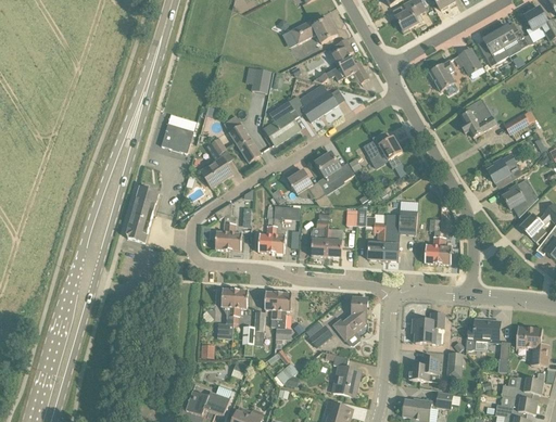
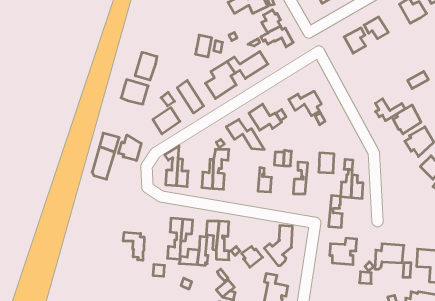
building: [483,31,508,65] -> none
building: none -> [135,52,157,80]
building: [460,110,496,136] -> [375,99,405,121]
building: none -> [118,135,141,161]
building: [311,212,329,255] -> none
building: [382,221,399,259] -> [329,196,342,227]
building: none -> [123,232,144,260]
building: [408,355,440,381] -> none

